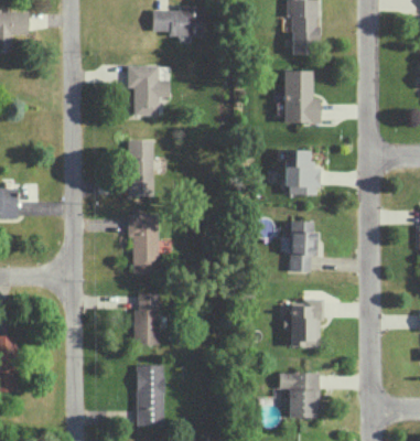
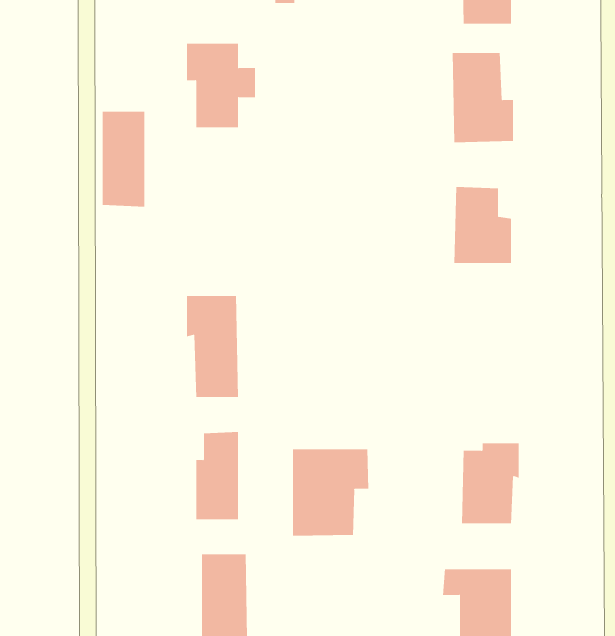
building: [128,140,153,196] -> [102,111,145,207]
building: [289,220,317,271] -> none
building: none -> [293,448,369,537]

